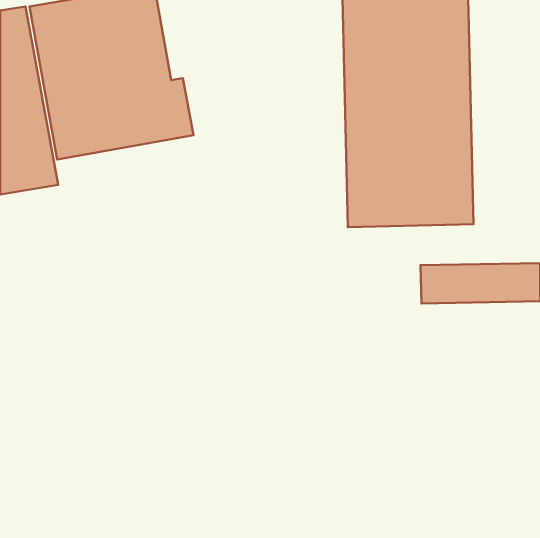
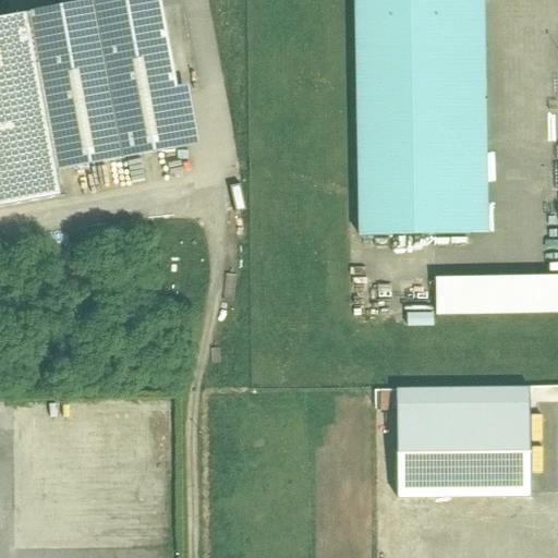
building: none -> [396,399,531,496]

